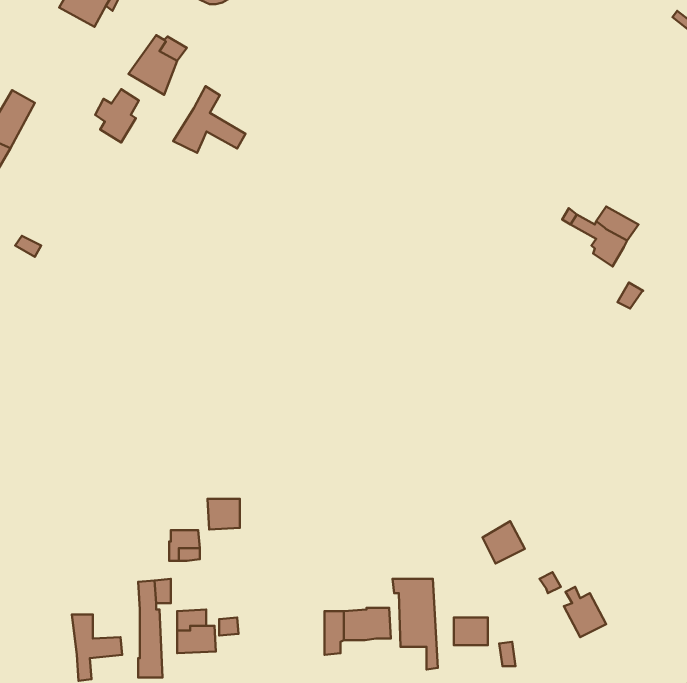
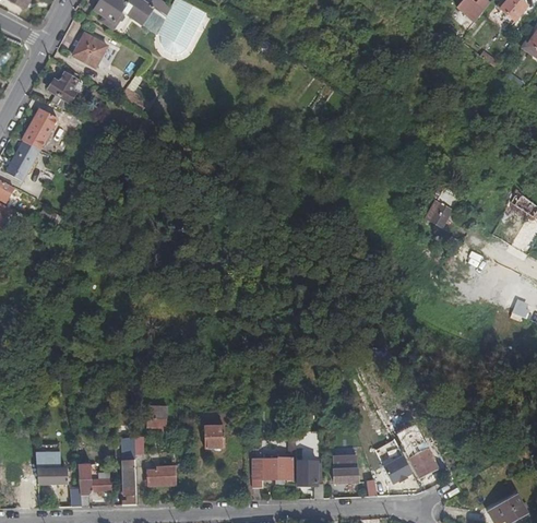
building: [173,86,246,153] -> none
building: [95,89,139,142] -> [47,70,76,106]
building: [208,499,240,530] -> [204,428,226,449]
building: [483,521,525,563] -> [383,455,411,484]
building: none -> [37,453,69,484]

